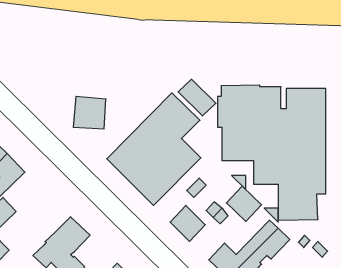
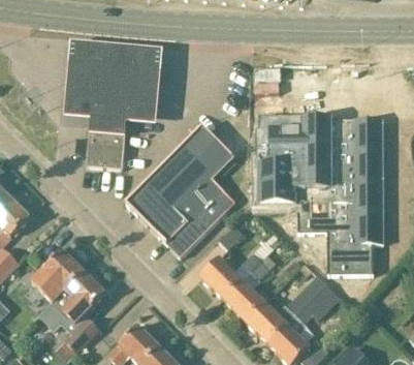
building: none -> [64,47,162,128]
building: [178,79,216,116] -> none
building: [226,186,262,221] -> [223,280,264,322]
building: none -> [33,250,84,300]

